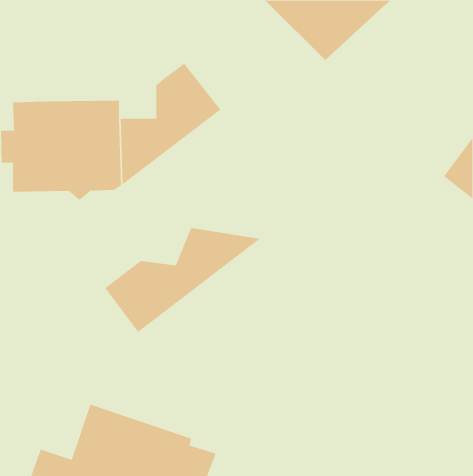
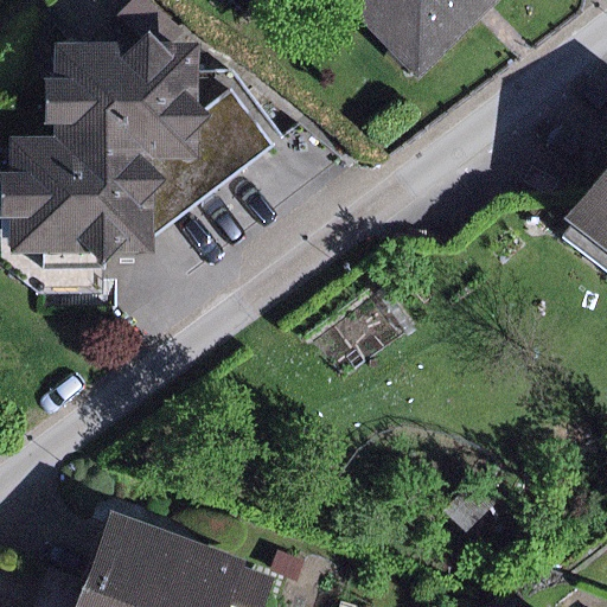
building: none -> [41,23,205,153]
building: [105,227,261,333] -> none

